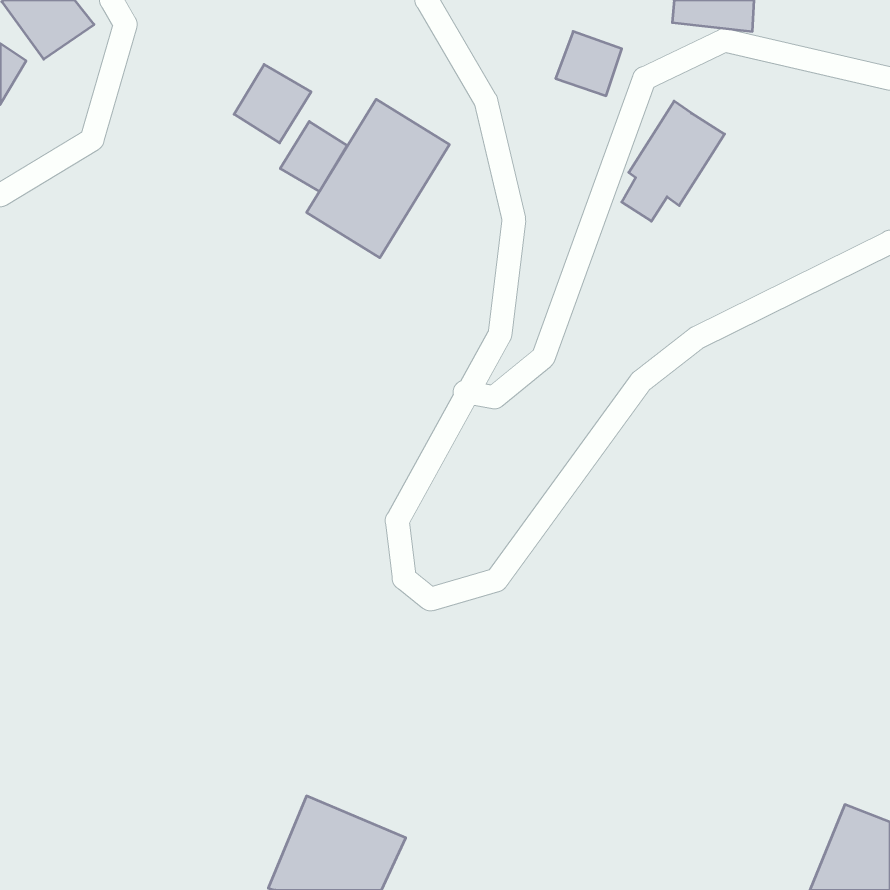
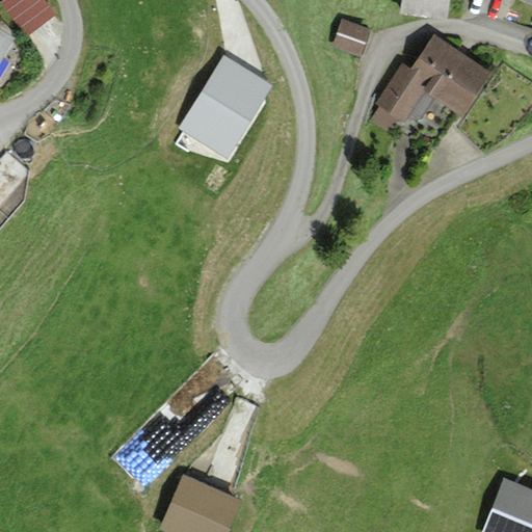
building: none -> [413,34,491,116]
building: [234,64,311,143] -> none
building: [280,121,347,191] -> none

